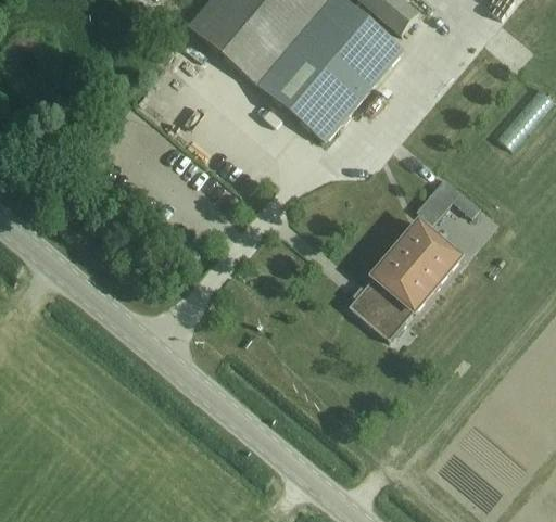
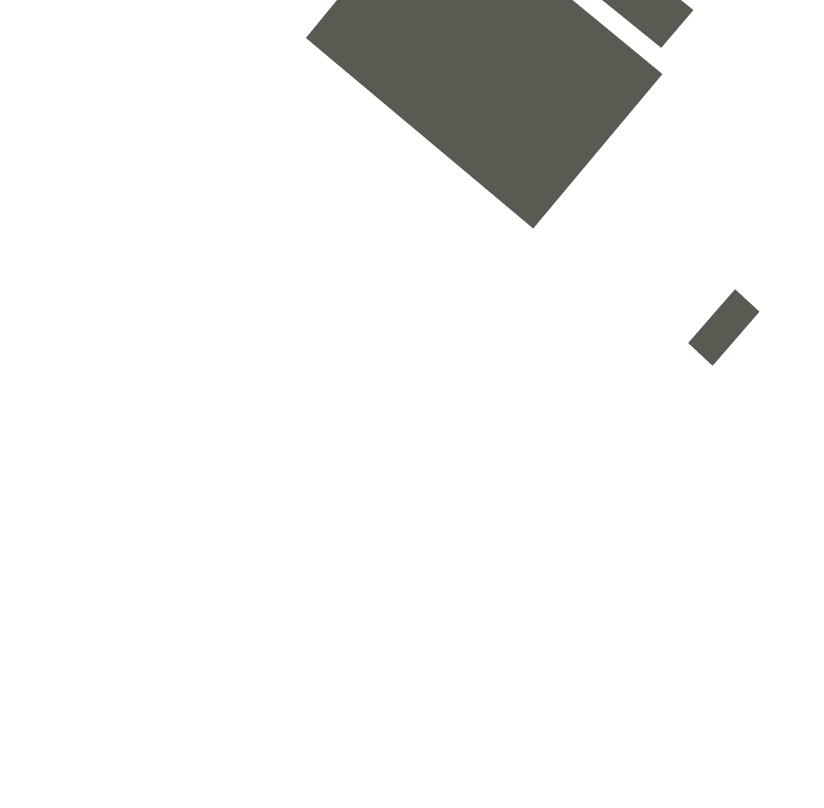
building: [349,218,462,338] -> none

